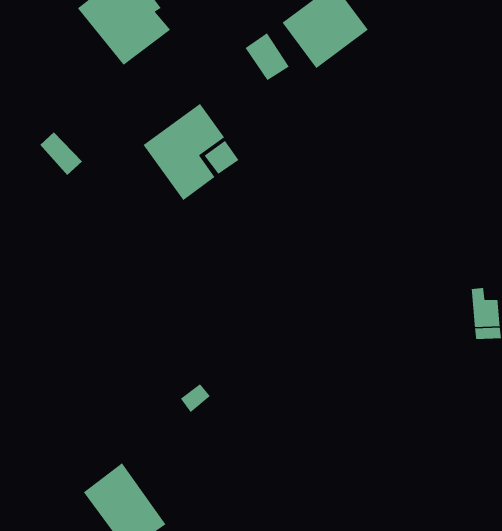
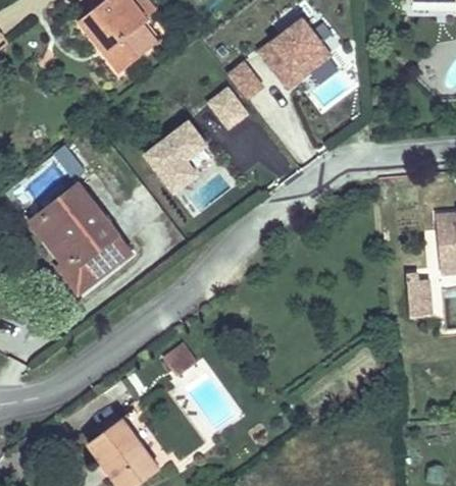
building: none -> [202,78,247,124]
building: none -> [39,194,128,299]

